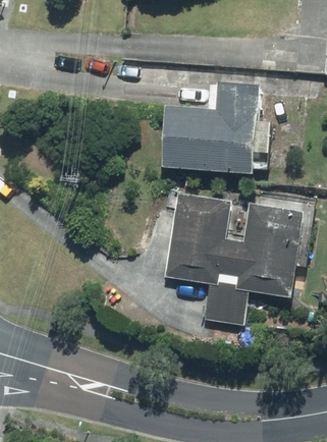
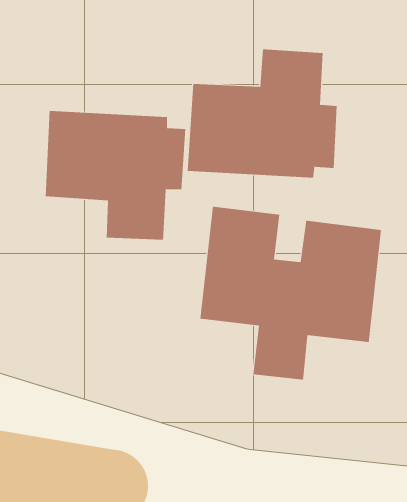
building: none -> [45,110,186,241]

